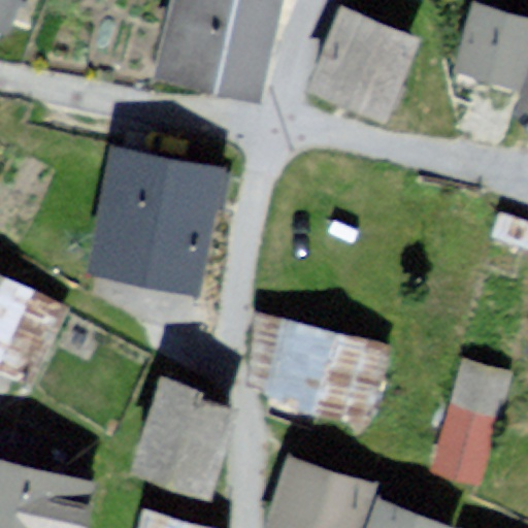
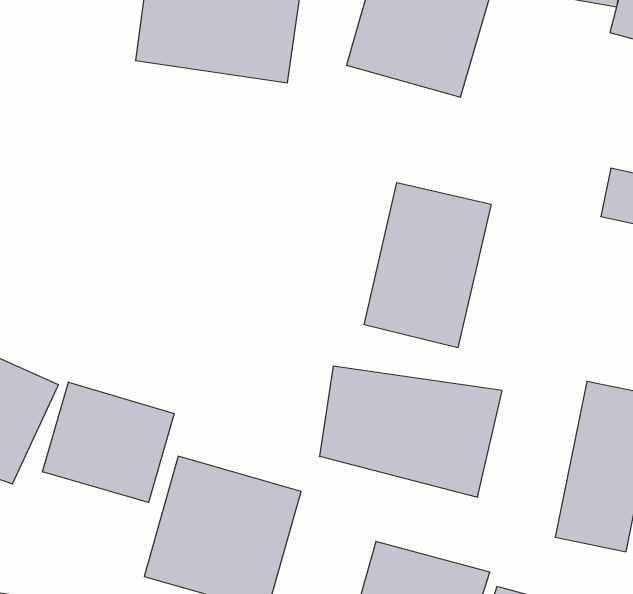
building: [86,145,237,296] -> none
building: none -> [364,183,491,348]
building: none -> [42,382,174,502]

